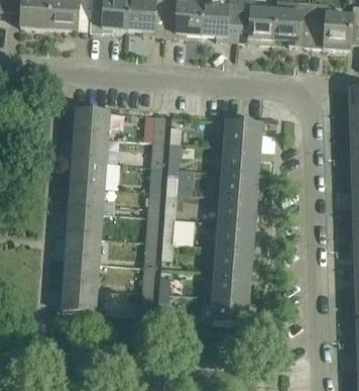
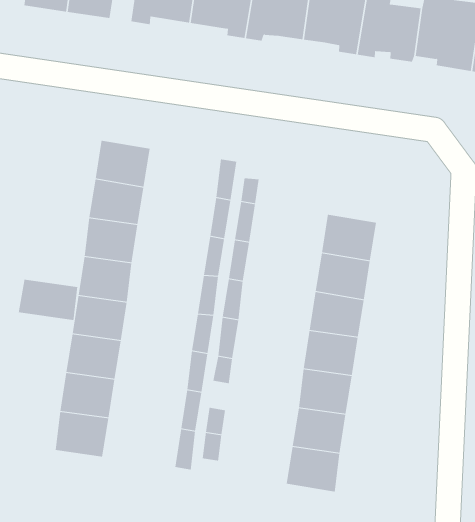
building: [226,120,260,149] -> none
building: none -> [18,279,78,321]

